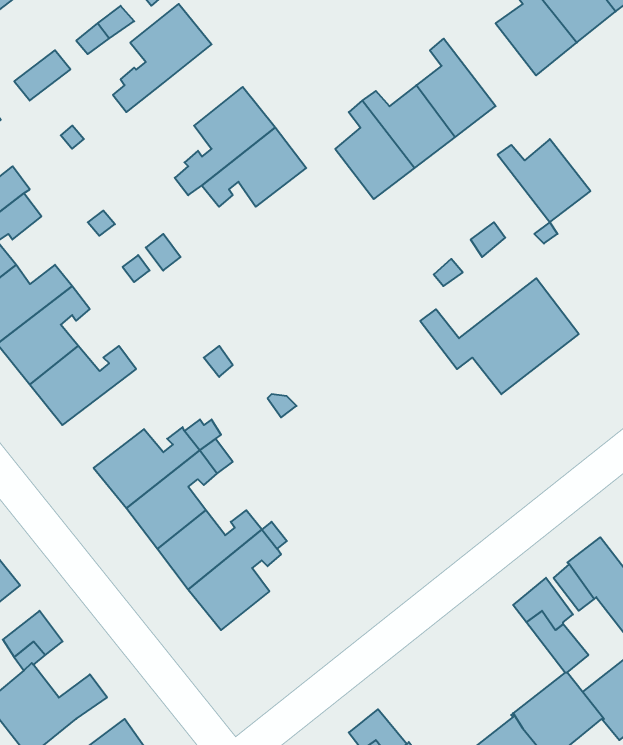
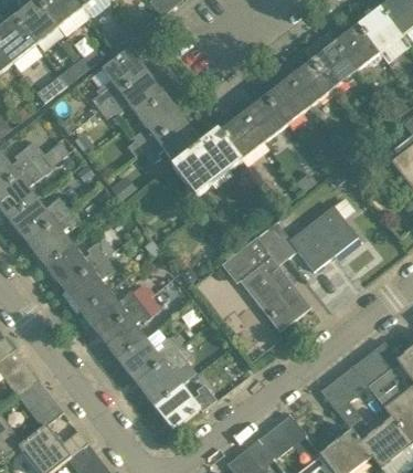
building: none -> [99,70,166,118]
building: [498,139,590,222] -> [280,57,333,105]
building: none -> [171,128,242,196]
building: none -> [221,228,310,330]
building: none -> [63,255,115,312]
building: none -> [153,382,216,429]
building: none -> [257,424,292,459]

